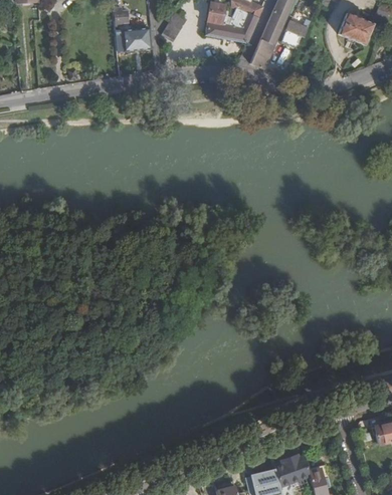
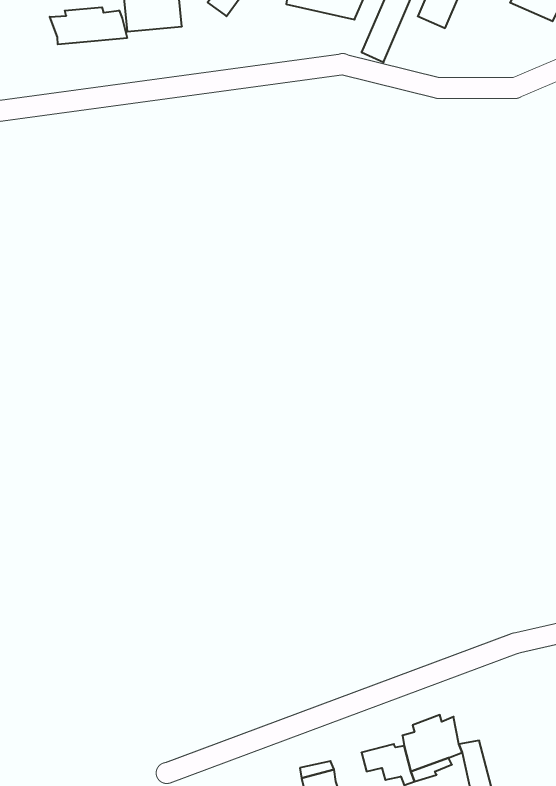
building: none -> [50,7,127,44]

